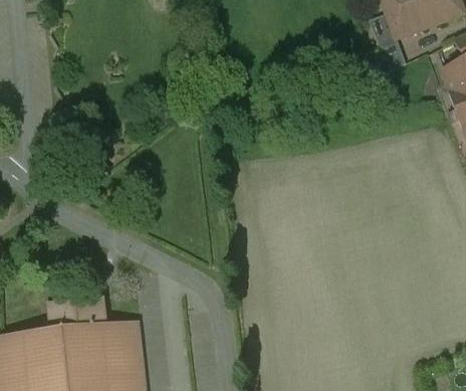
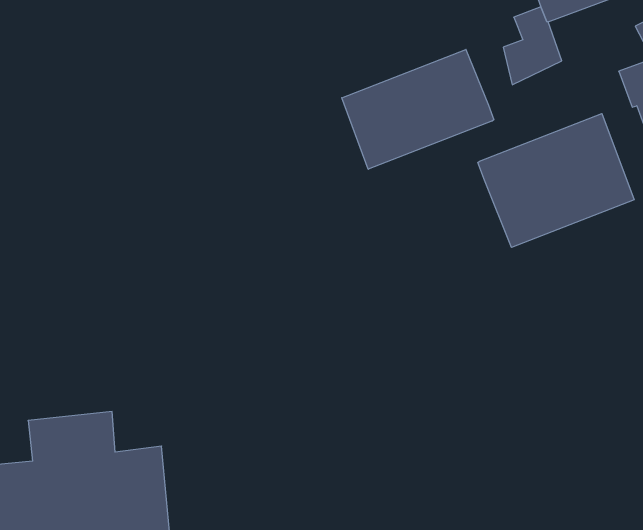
building: none -> [342,49,494,169]
building: none -> [478,114,634,247]

